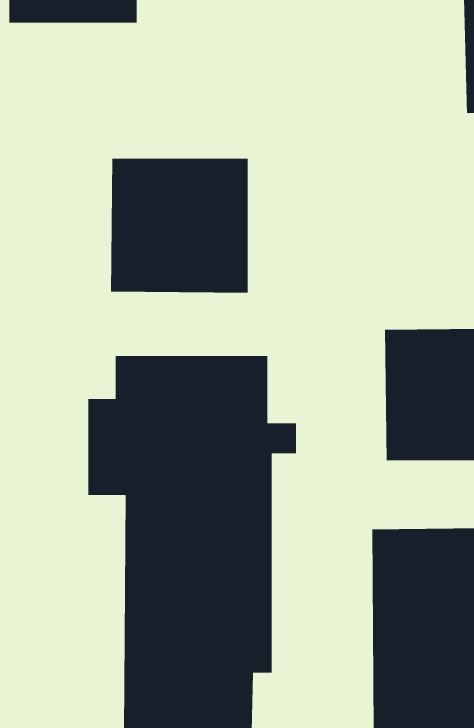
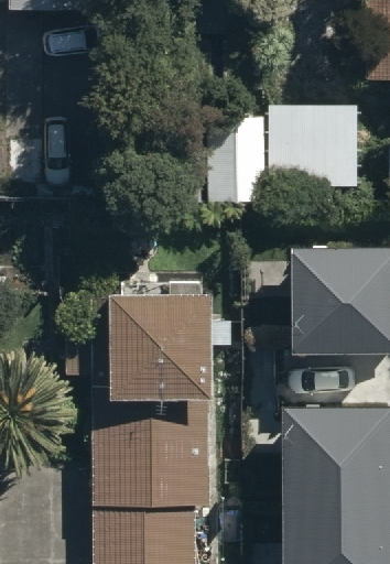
building: none -> [207,110,356,198]
building: [110,158,249,293] -> none

